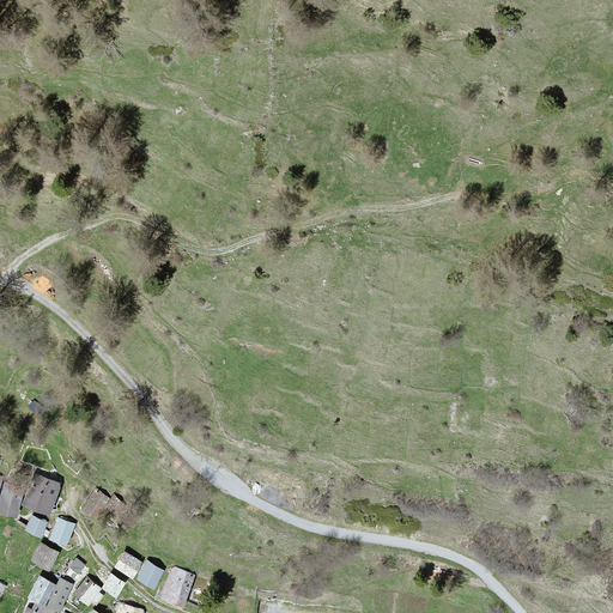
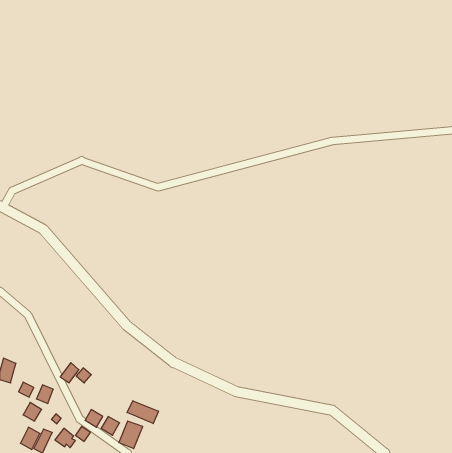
building: [23,477,59,515] -> none
building: none -> [127,401,158,424]

